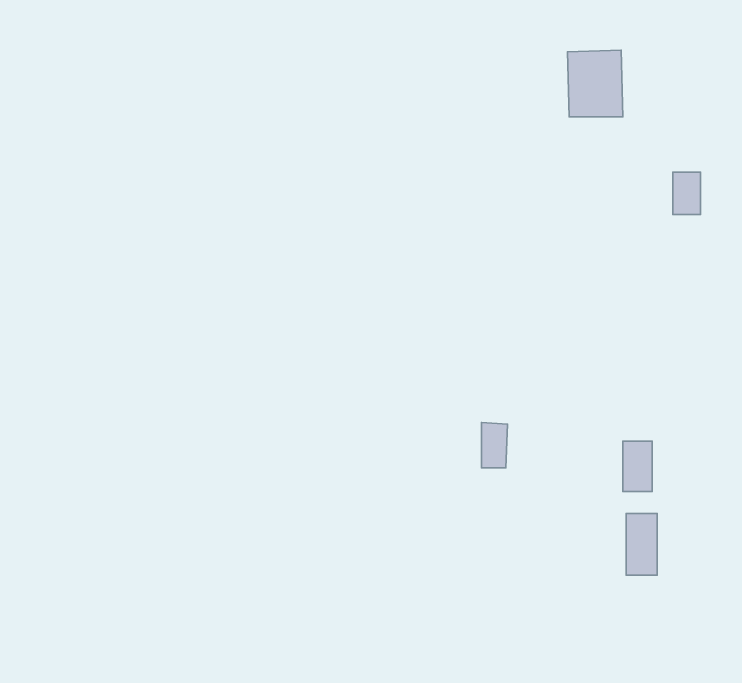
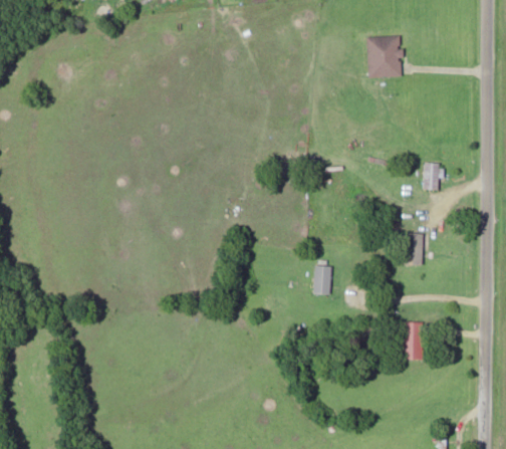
building: [673,172,701,215] -> [423,163,440,189]
building: [623,441,652,491] -> [405,233,423,264]

